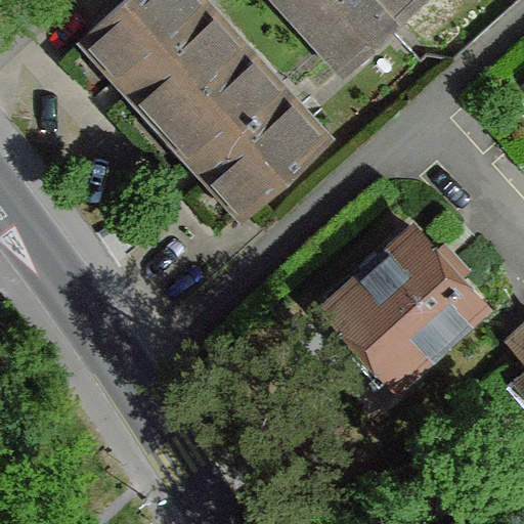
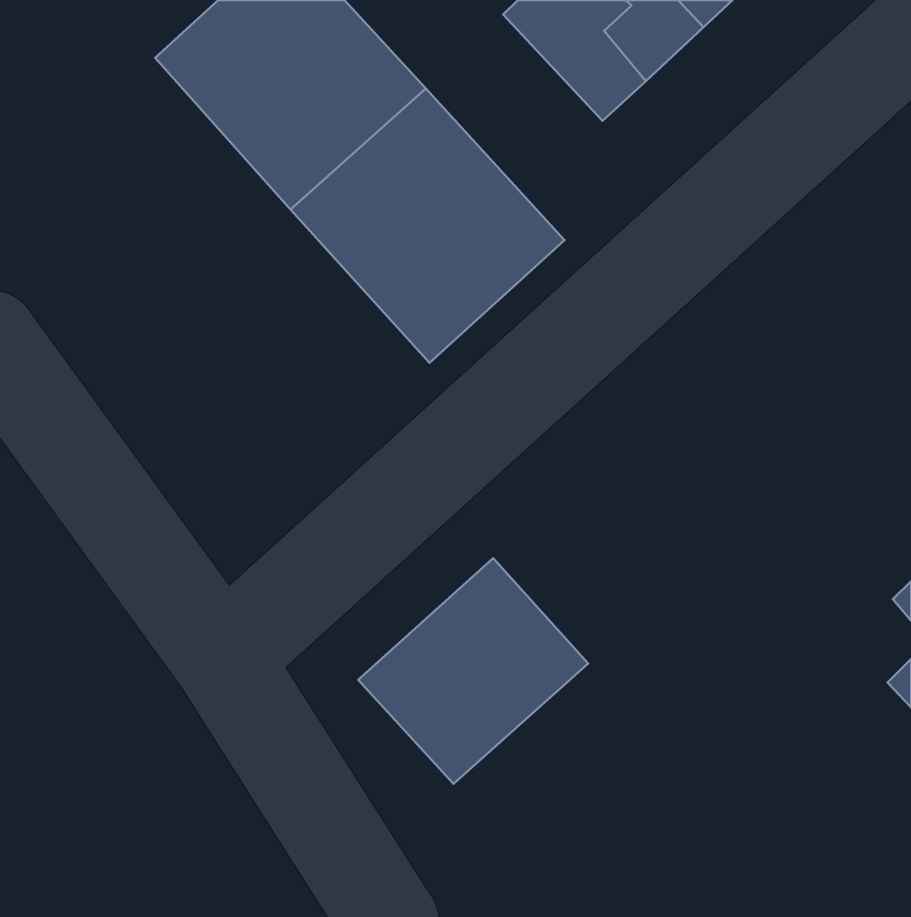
building: [326,231,478,379] -> none
building: none -> [358,558,588,784]

